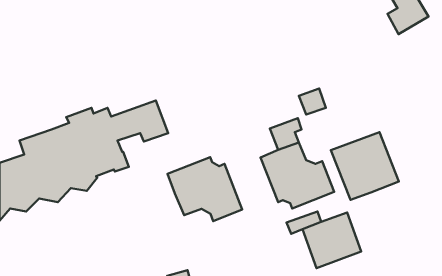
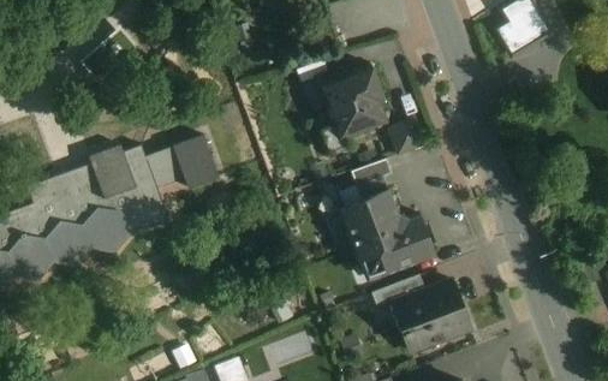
building: none -> [312,55,382,130]
building: [331,132,399,200] -> none
building: [168,157,242,221] -> none

